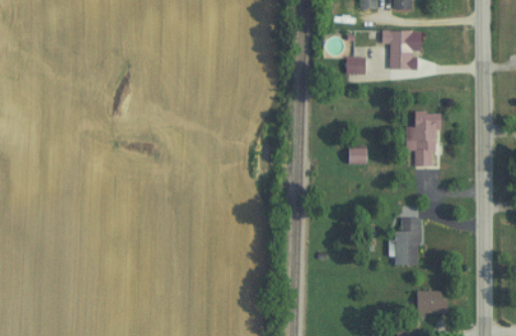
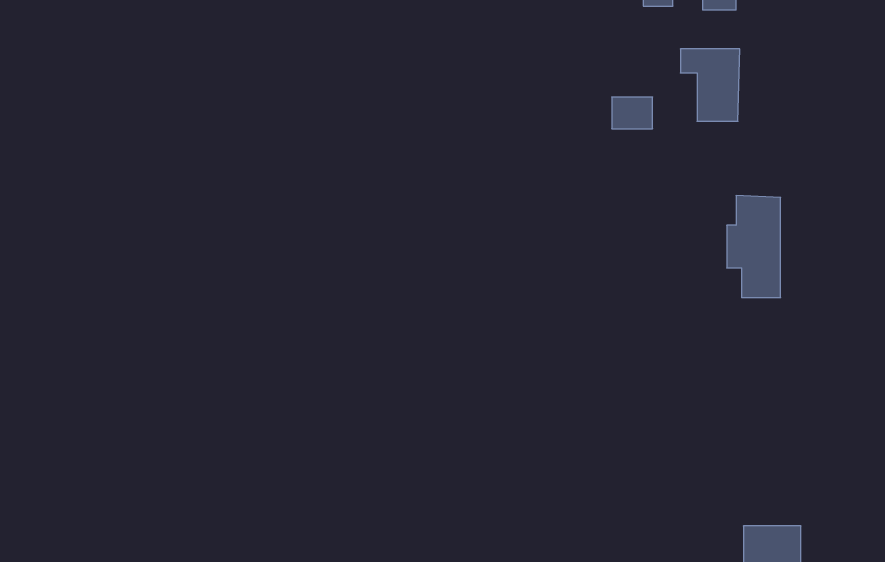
building: [347,146,369,163] -> none
building: [395,217,420,265] -> none

